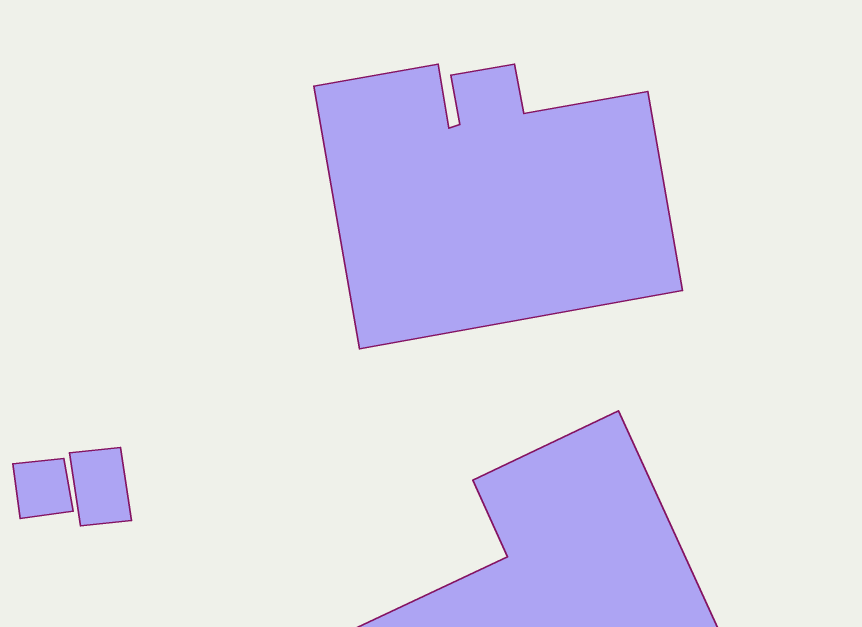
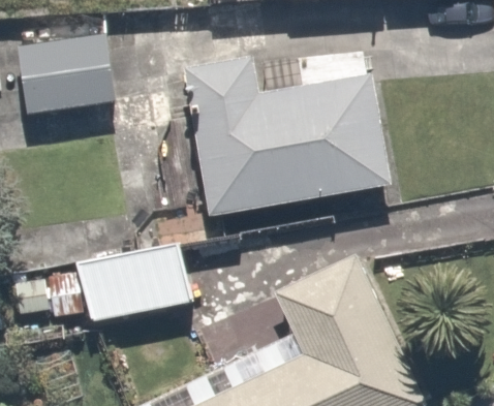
building: none -> [17,33,116,114]
building: none -> [76,243,190,323]

